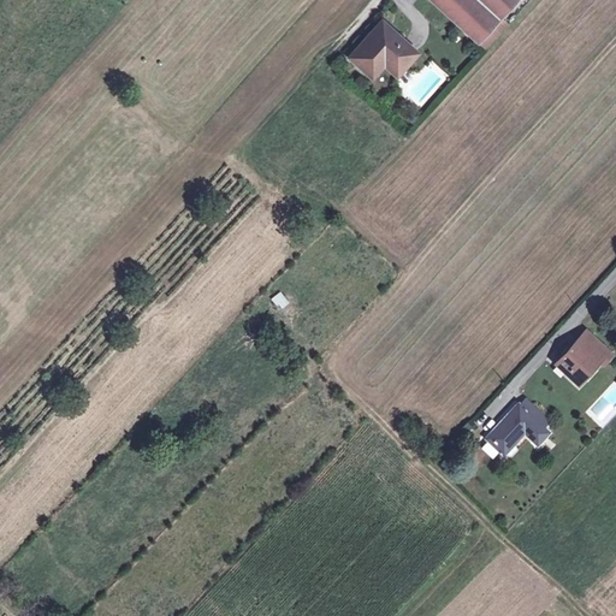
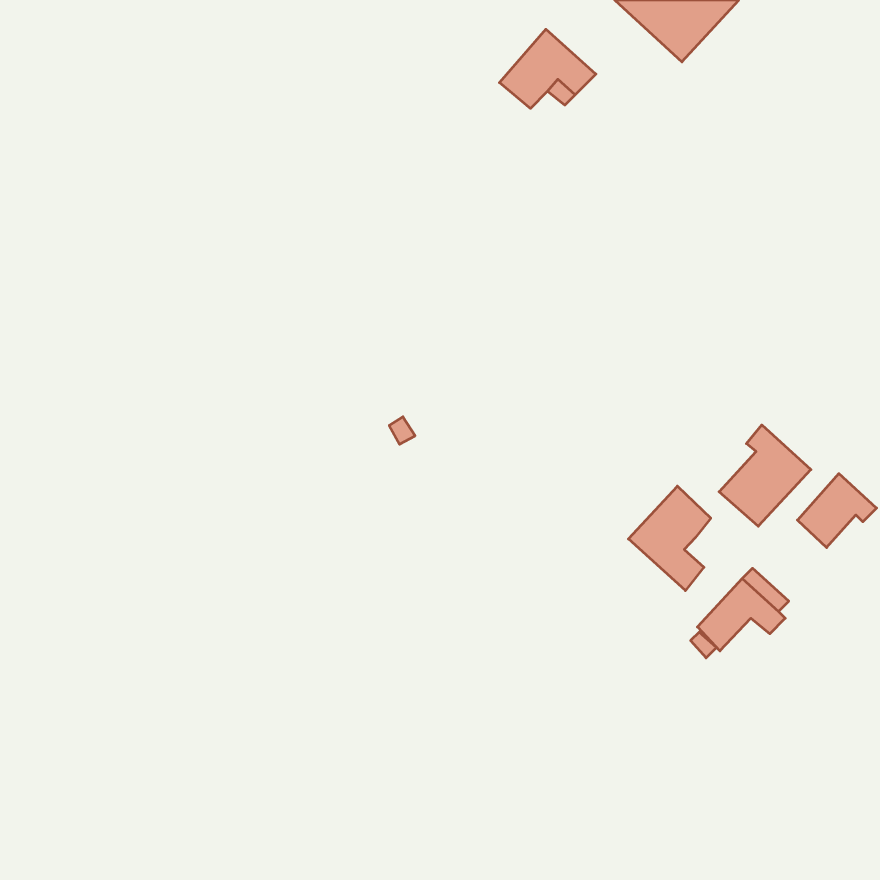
building: none -> [719,425,811,526]
building: none -> [628,486,711,591]

